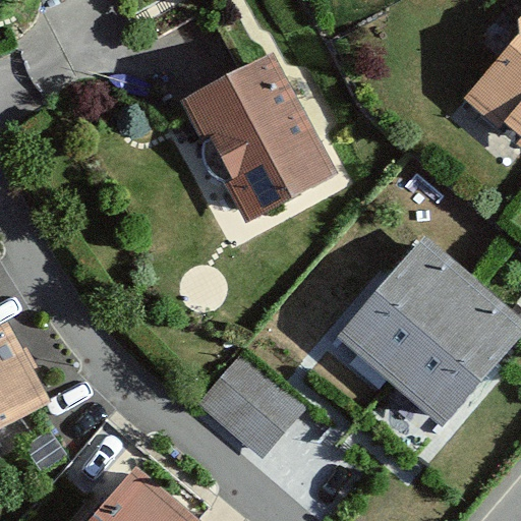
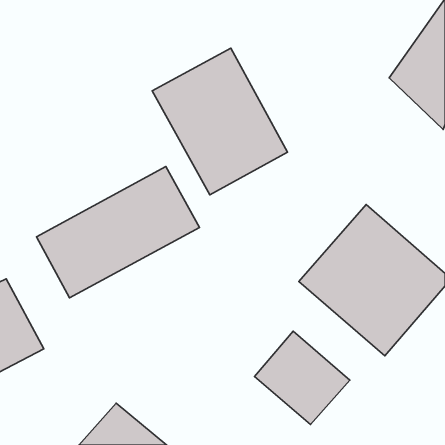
building: none -> [37,166,199,298]
building: [195,351,306,460] -> [255,331,350,425]

